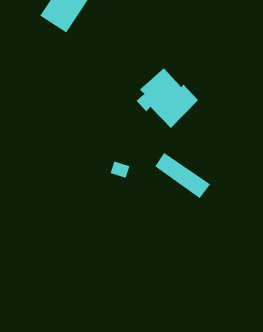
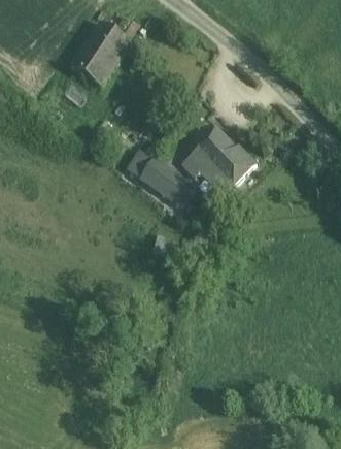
building: [154,152,211,199] -> [130,152,197,207]

